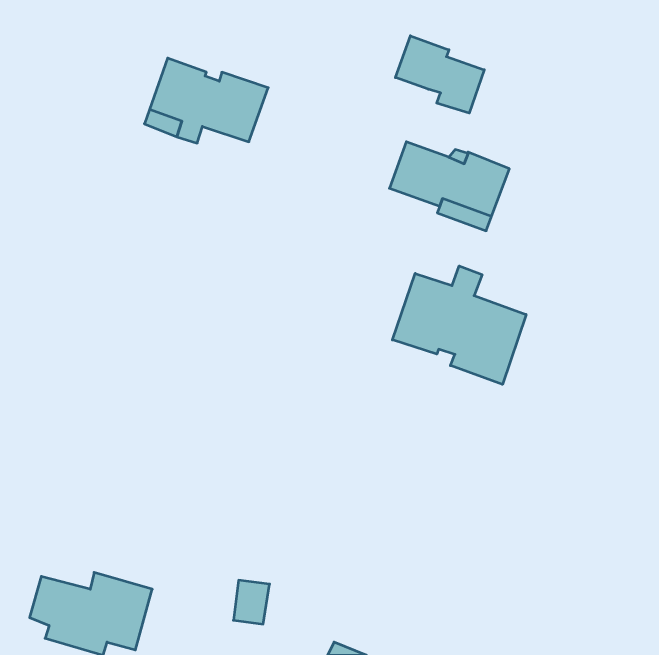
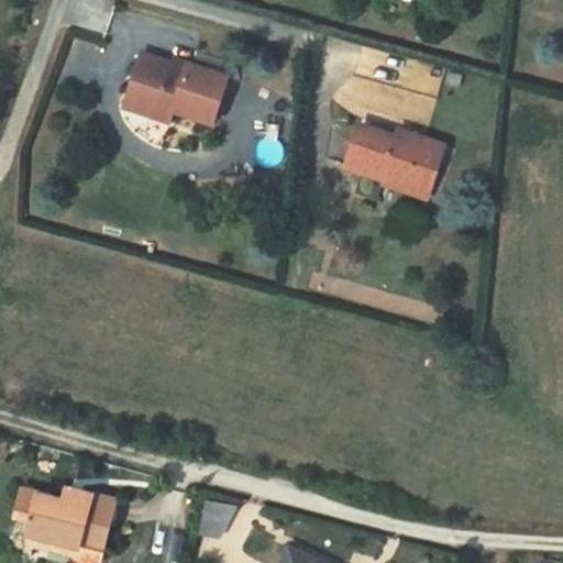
building: [395,36,484,113] -> none
building: [392,266,526,384] -> none

